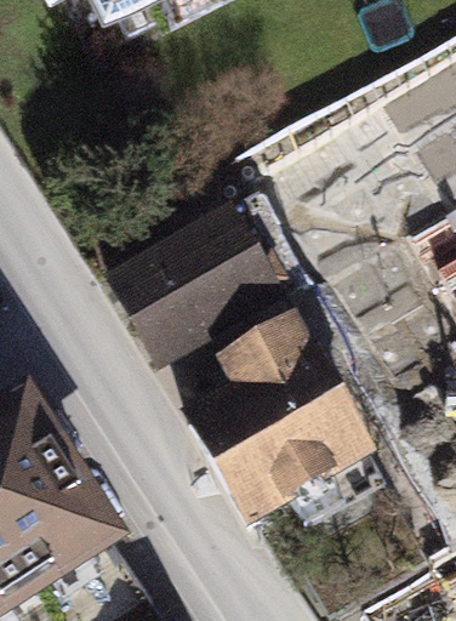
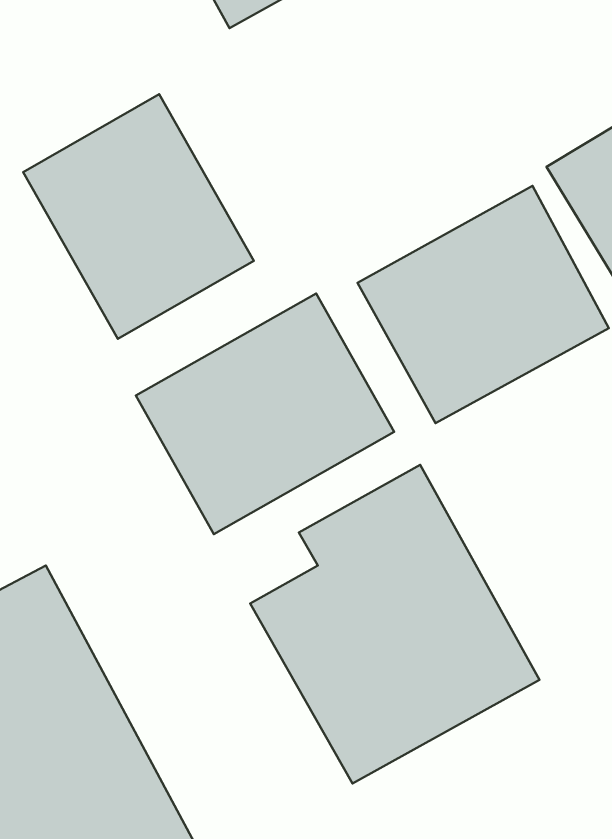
building: none -> [23,94,254,339]

